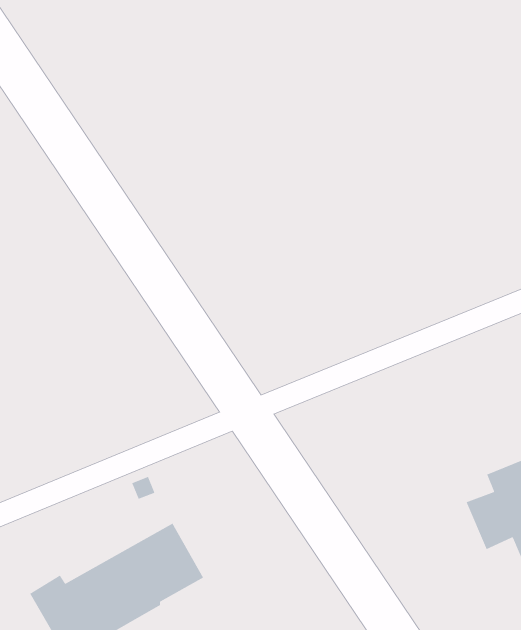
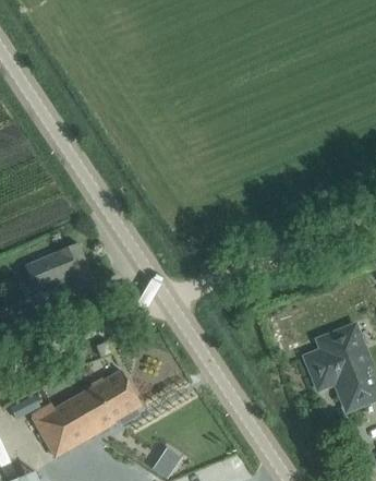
building: none -> [23,243,95,292]

